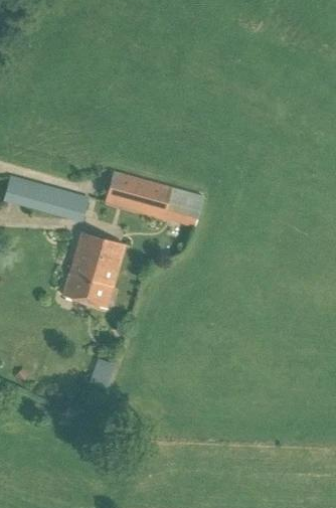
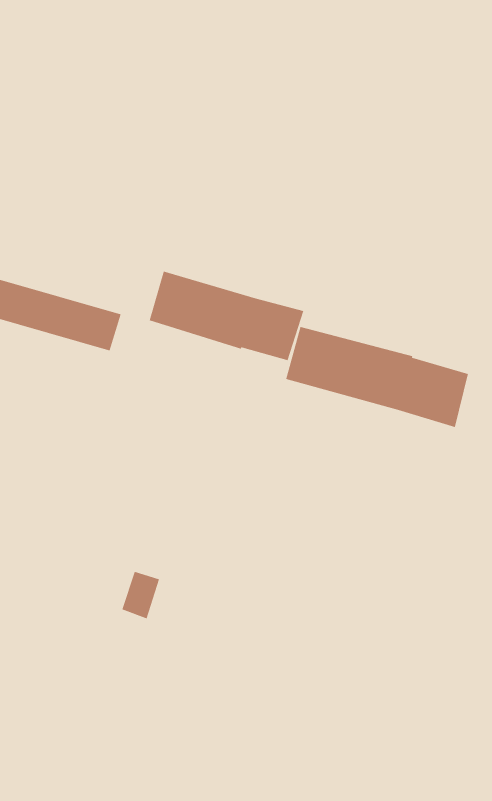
building: none -> [285,326,468,428]
building: [63,232,125,308] -> none

